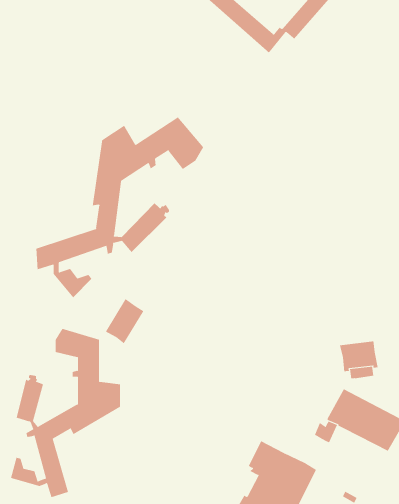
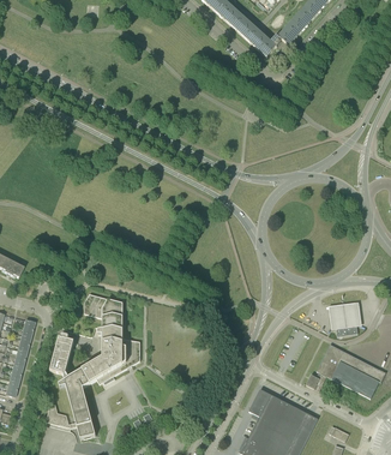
building: [36,116,204,298] -> none
building: [105,298,144,344] -> none

